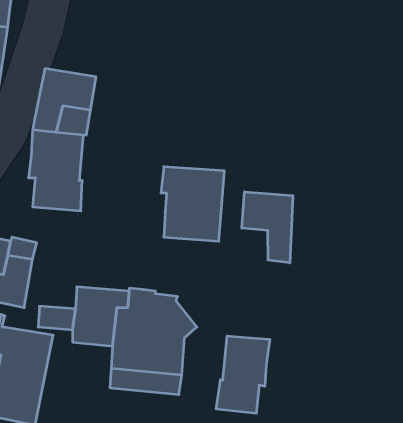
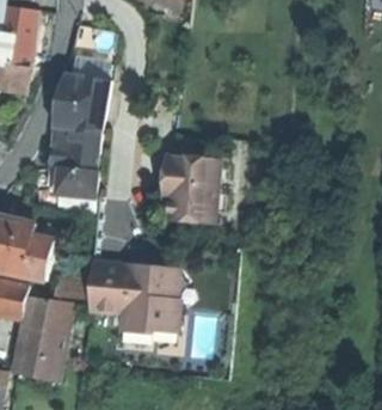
building: [242,192,293,263] -> none
building: [216,336,270,413] -> none

